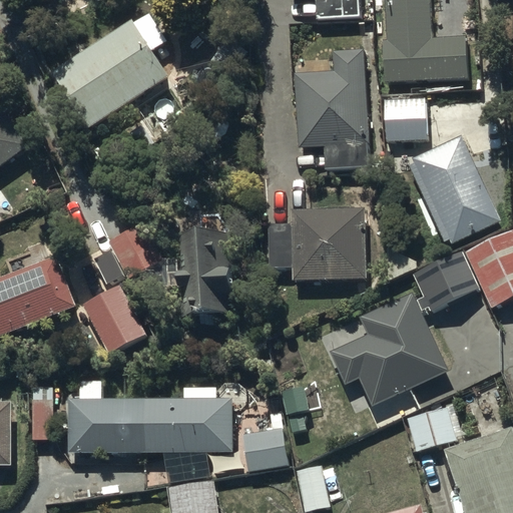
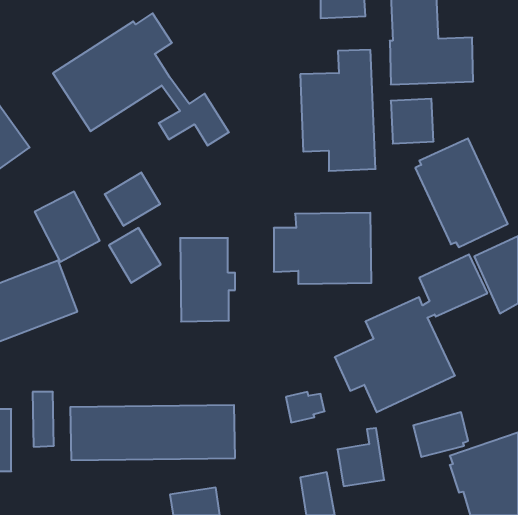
building: none -> [105,172,160,226]
building: [84,285,148,354] -> [35,192,100,262]
building: [242,413,289,470] -> [337,428,384,486]

